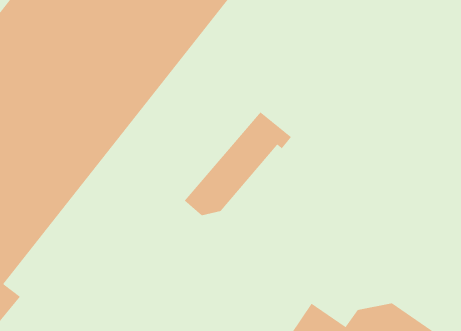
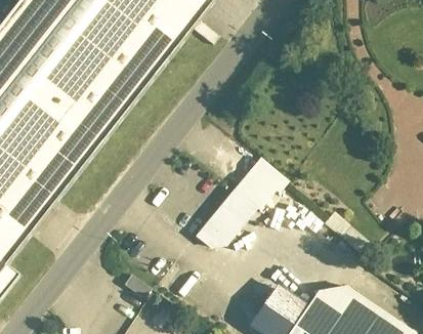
building: [184,111,292,216] -> [193,158,287,249]

